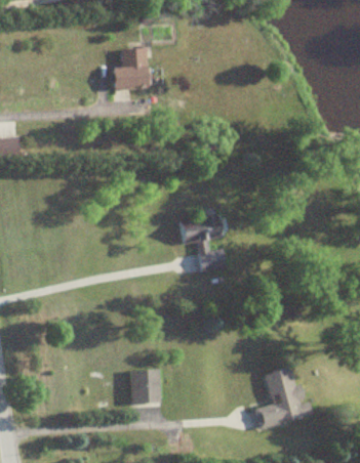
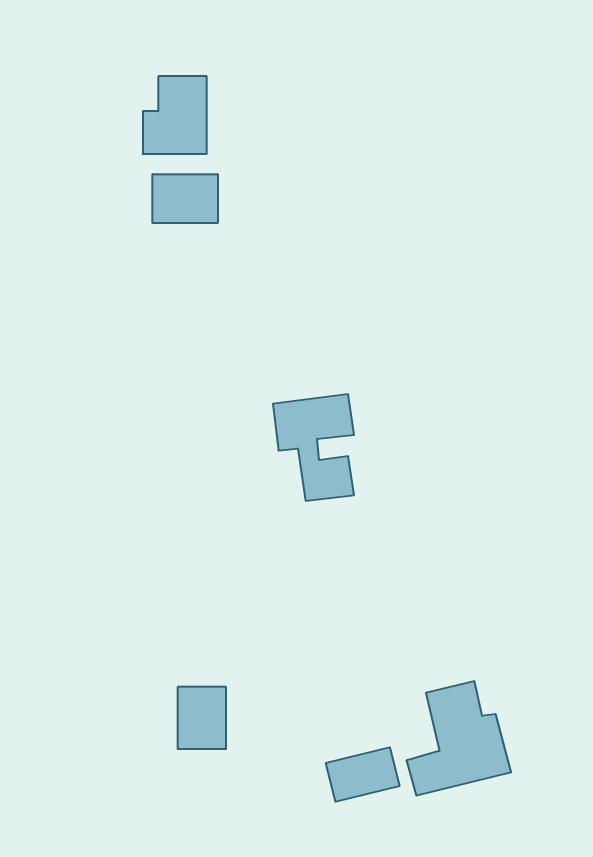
building: none -> [153,174,218,223]
building: none -> [326,747,399,802]

